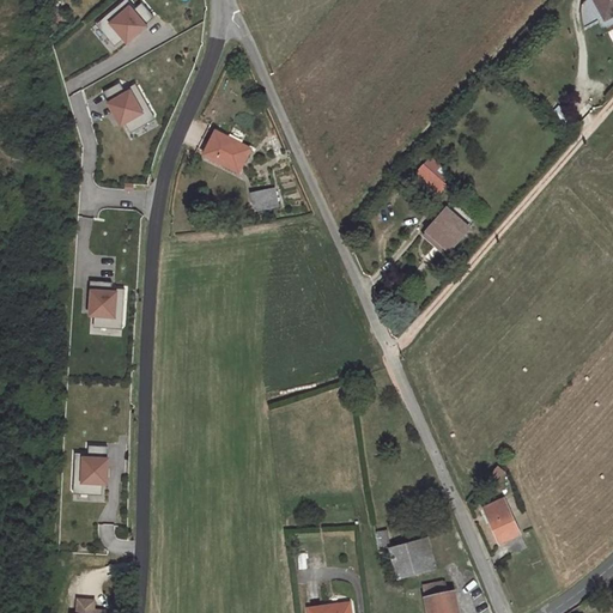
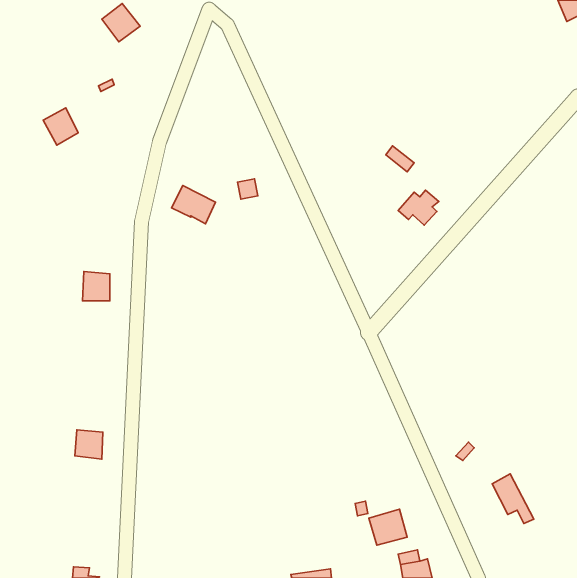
building: [108,87,145,127] -> [43,108,78,145]
building: [205,131,251,171] -> [171,185,216,224]
building: [482,503,527,556] -> [492,474,534,524]

